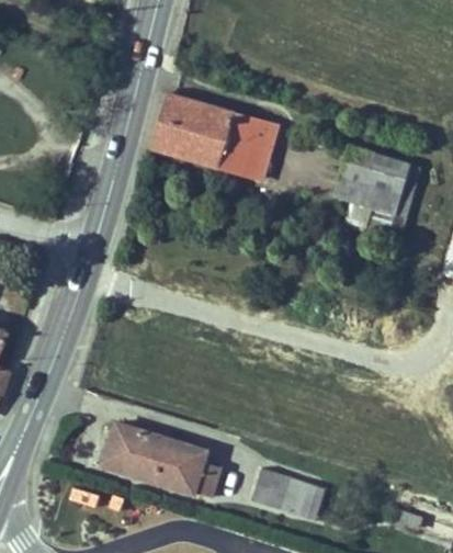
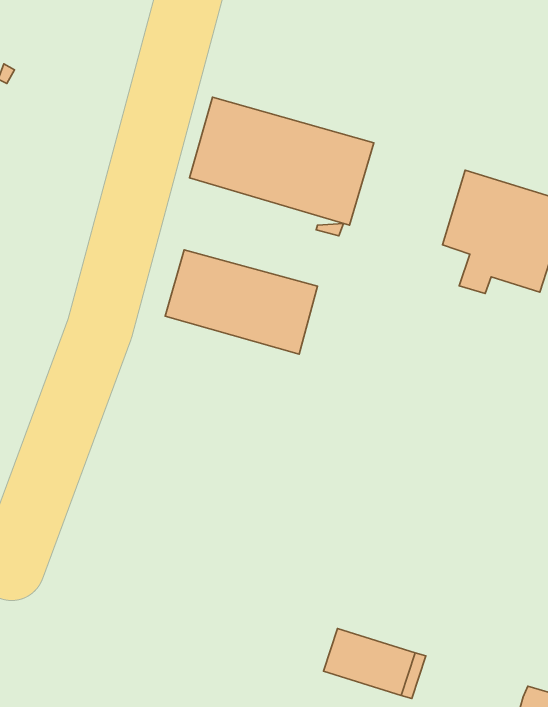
building: none -> [165,250,318,354]
building: [97,416,222,505] -> none

